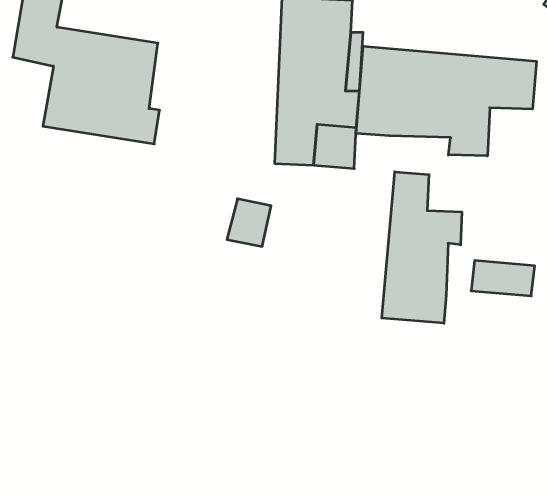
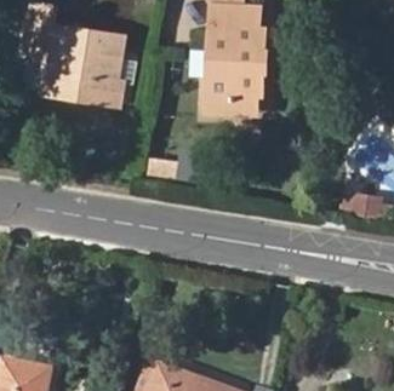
building: [356,46,536,156] -> none
building: [382,172,462,323] -> none

